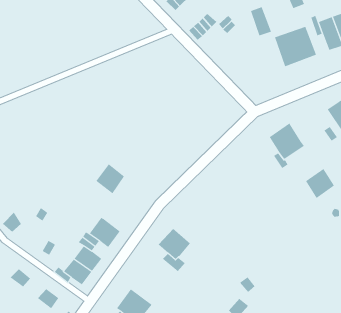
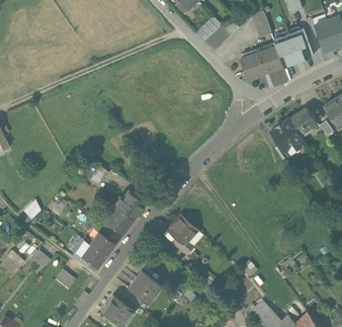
building: none -> [240,46,283,79]
building: [95,163,125,194] -> [116,190,144,219]
building: [305,168,335,199] -> [289,107,317,136]

